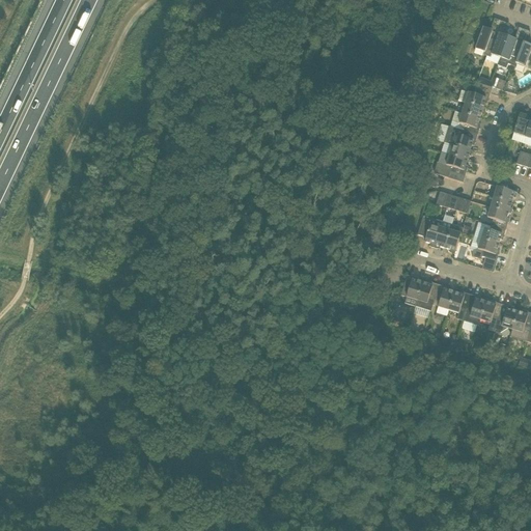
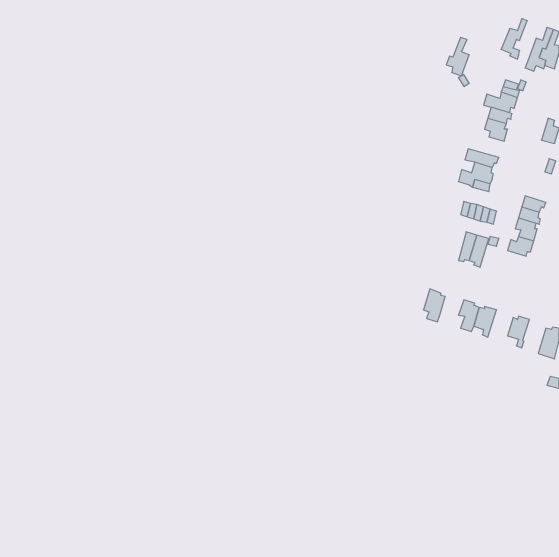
building: [486,20,508,56] -> [446,37,469,76]
building: [444,125,478,148] -> none
building: [418,215,442,247] -> none
building: [472,237,500,260] -> none
building: [415,280,440,310] -> none
building: [463,294,486,325] -> none
building: [495,303,518,332] -> none

